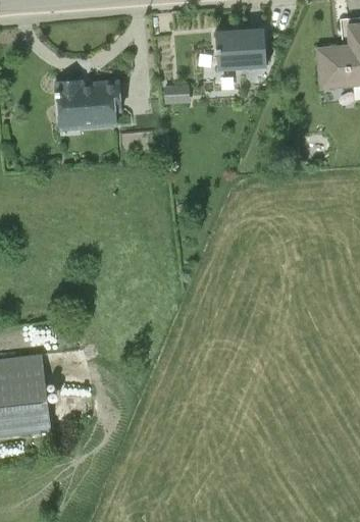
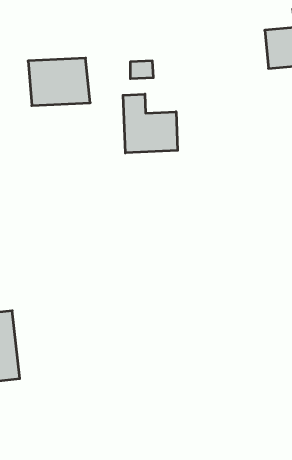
building: [214,31,263,70] -> none
building: none -> [123,94,178,153]

